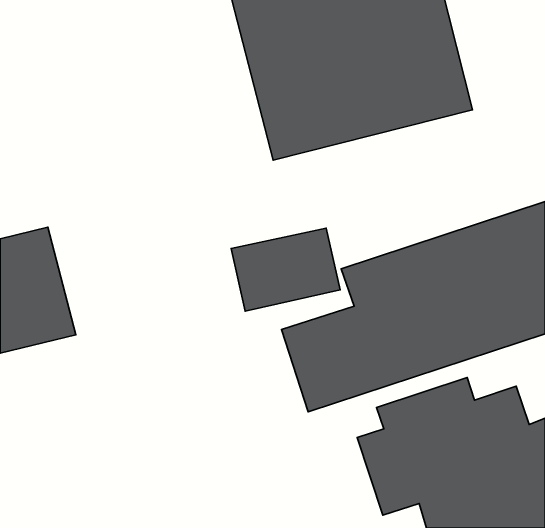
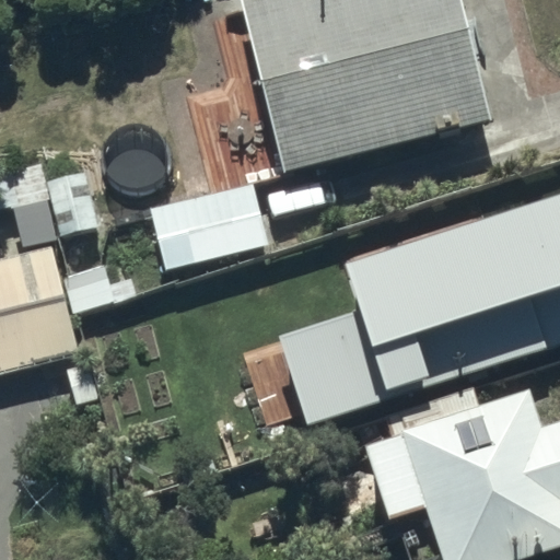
building: [231,228,340,311] -> [147,174,258,259]

